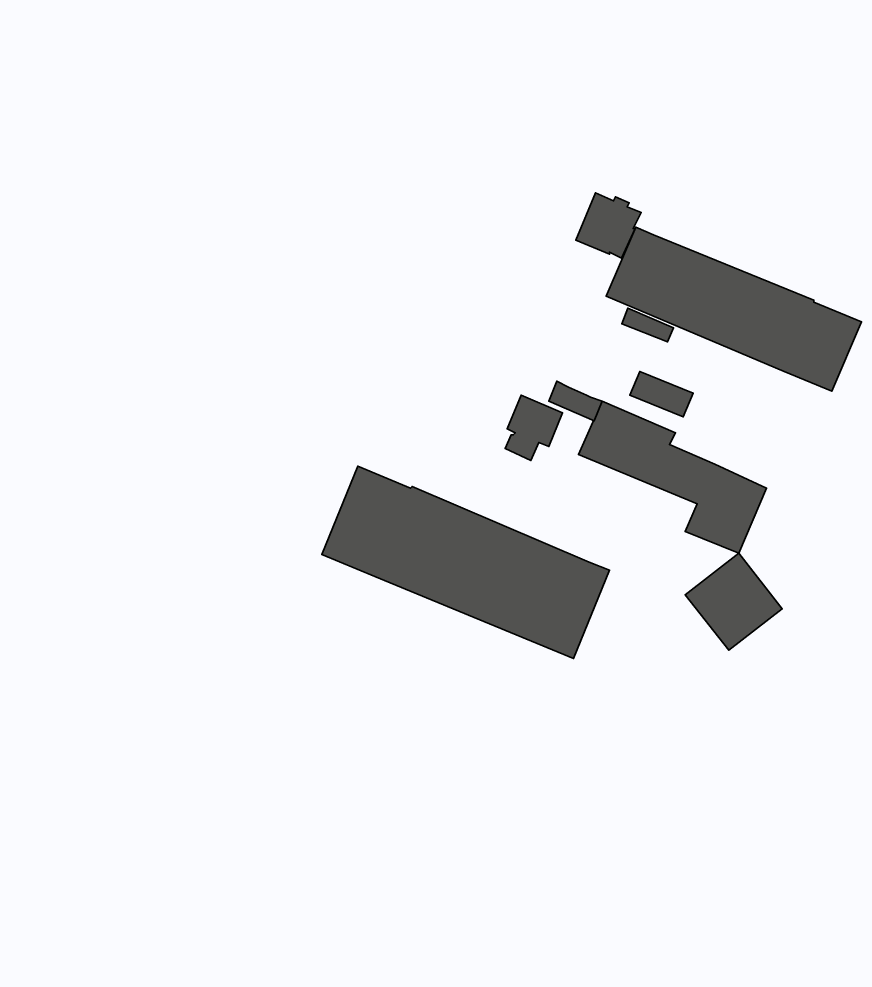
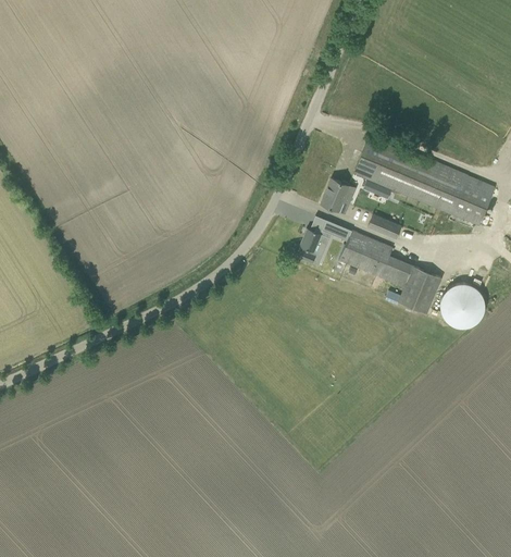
building: [576,193,641,258] -> [320,177,356,213]
building: [322,466,609,658] -> none
building: [685,553,782,650] -> [433,278,486,332]

